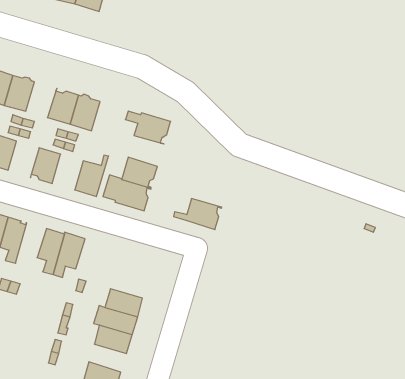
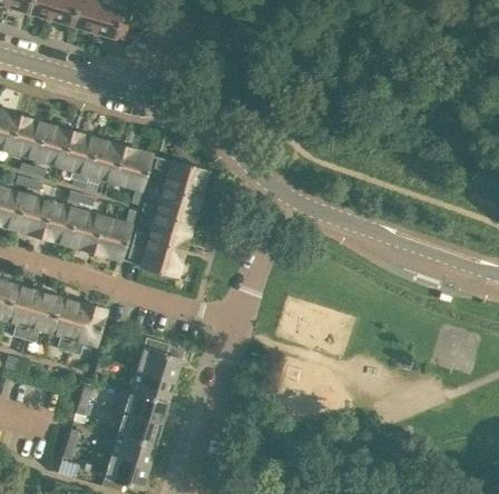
building: none -> [36,124,72,166]
building: none -> [114,147,150,201]
building: none -> [14,194,51,236]
building: none -> [67,209,104,251]
building: [174,199,222,230] -> [143,187,199,224]
building: none -> [23,290,60,342]
building: none -> [136,336,183,379]
building: none -> [110,434,155,467]

